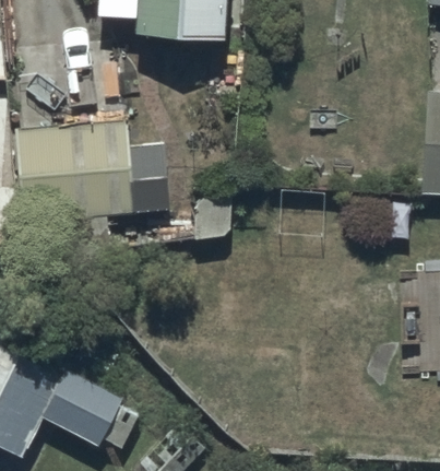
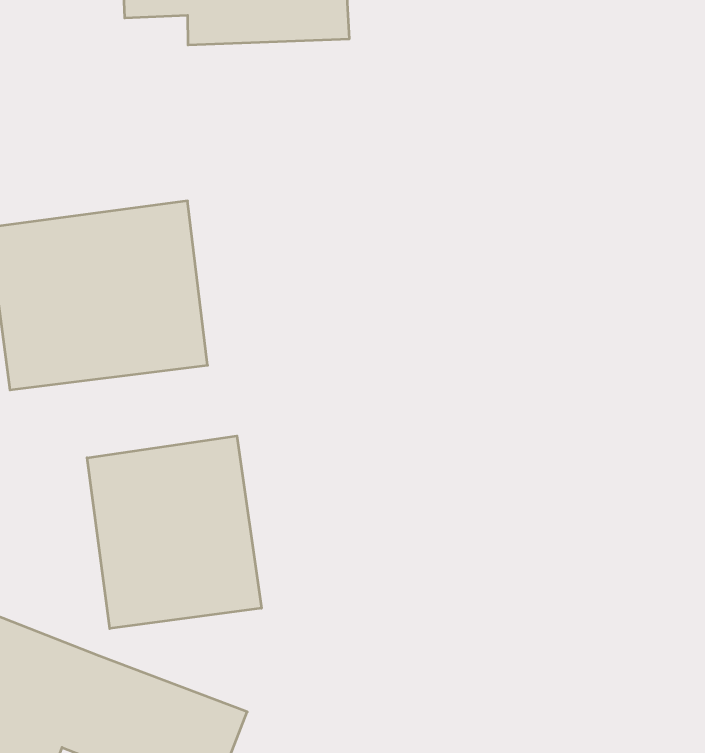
building: none -> [87,436,261,629]

